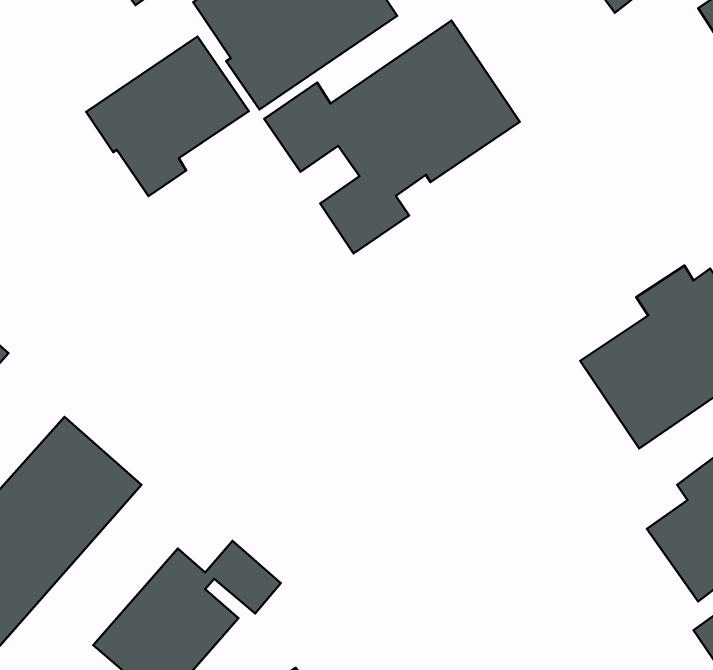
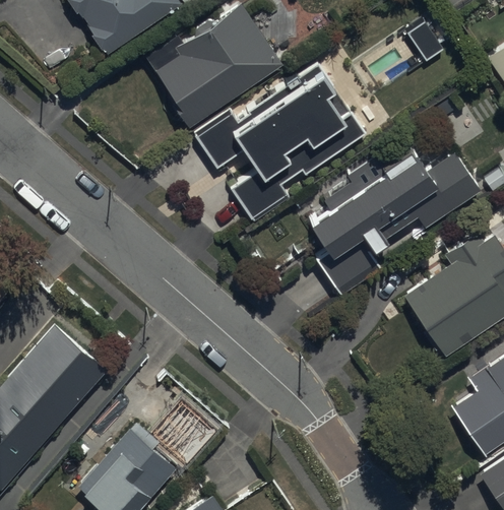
building: [86,37,249,196] -> none
building: none -> [309,148,477,296]

